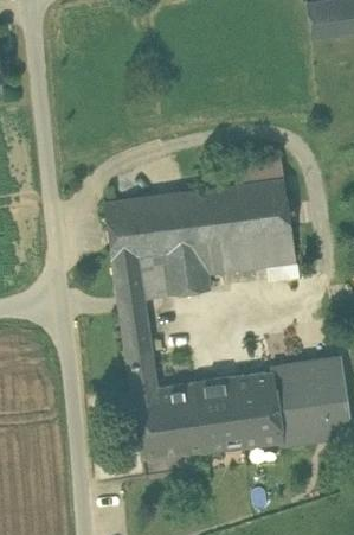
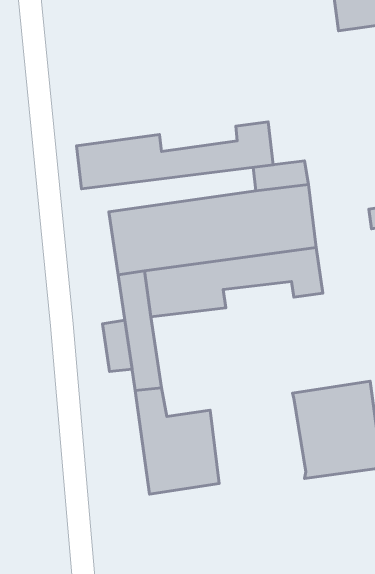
building: none -> [76,122,273,189]
building: none -> [103,320,132,372]
building: [195,371,282,448] -> none

